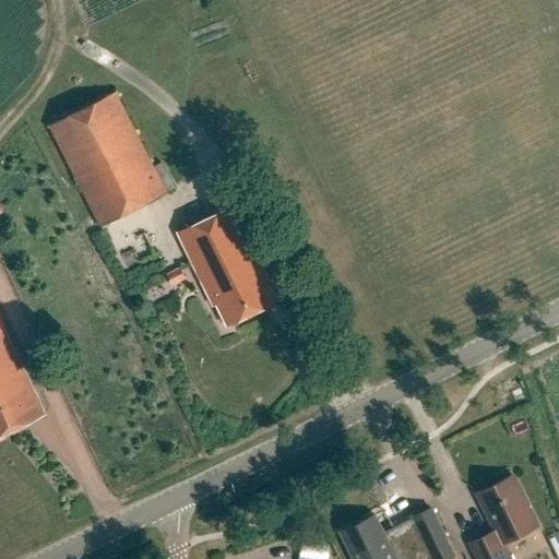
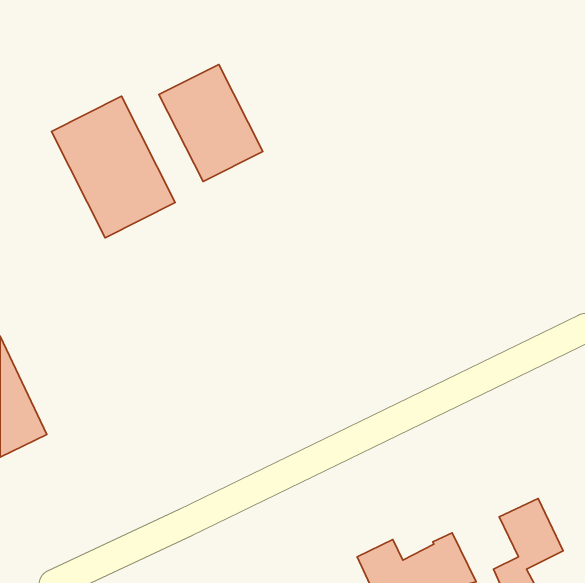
building: none -> [159,65,263,182]
building: [177,207,278,328] -> none

